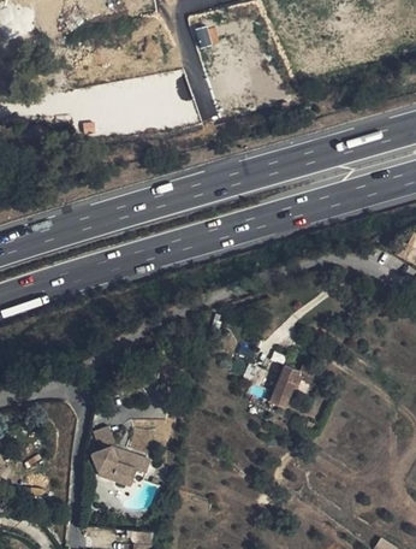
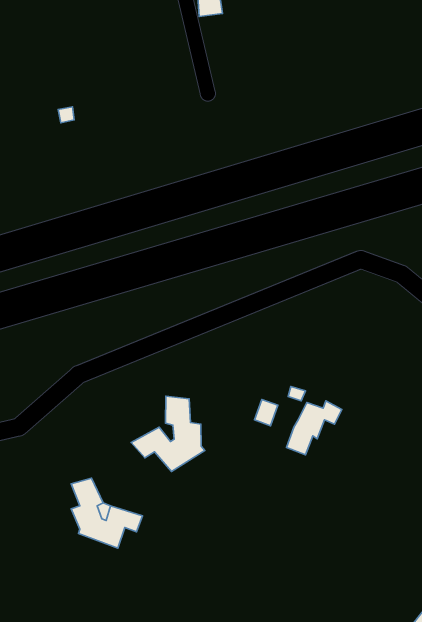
building: none -> [131,396,205,471]

